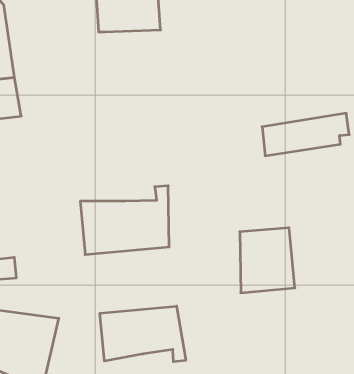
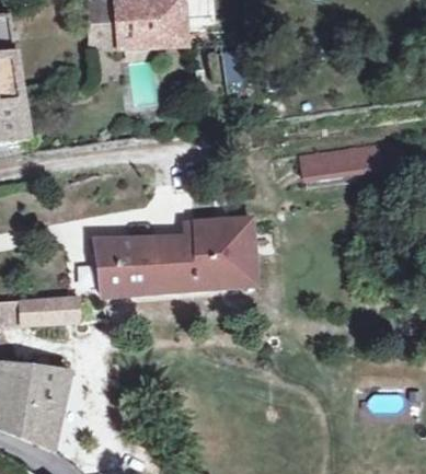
building: [240,228,295,293] -> [195,216,257,289]
building: none -> [21,297,79,324]
building: [100,306,186,362] -> none

